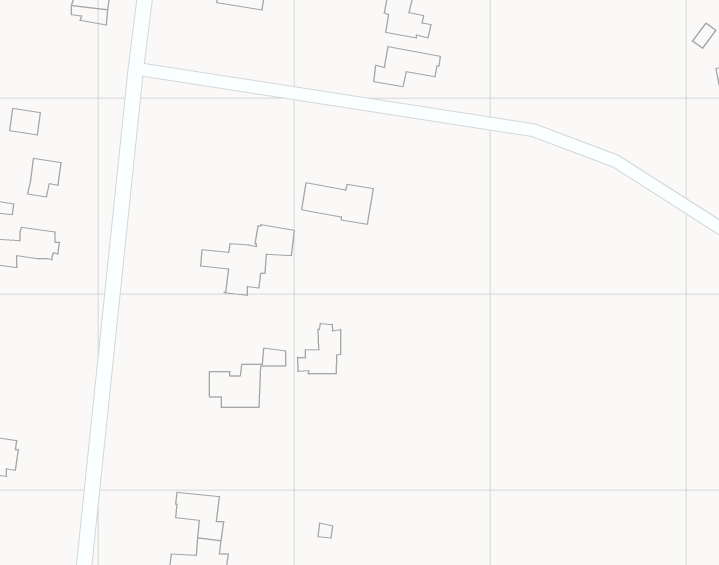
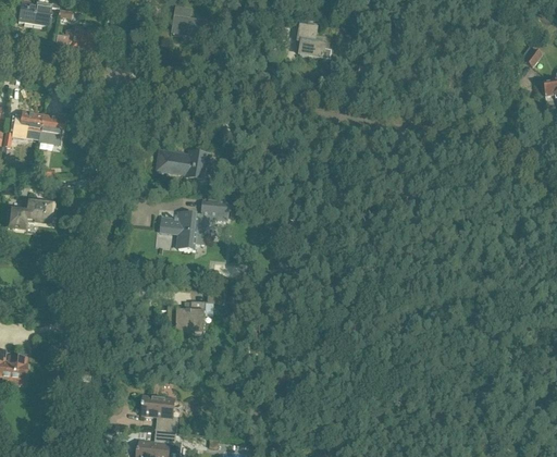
building: [374,46,440,87] -> none
building: [27,159,61,197] -> [37,114,62,143]
building: [302,183,373,224] -> [156,149,209,180]
building: [298,323,341,374] -> none

